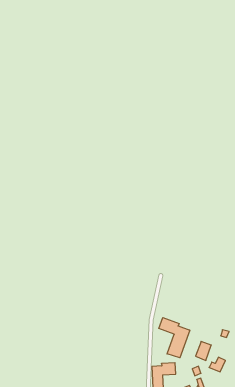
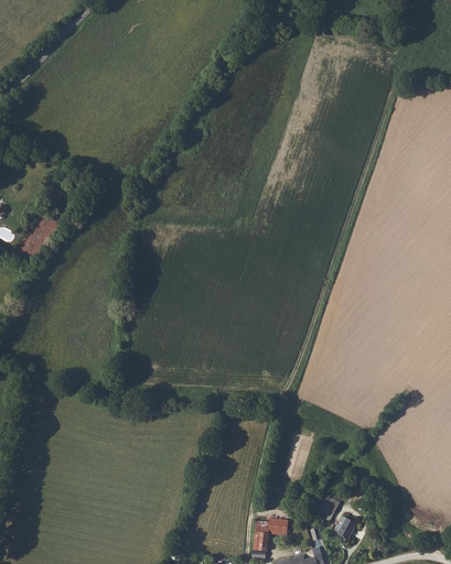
building: [159,318,190,358] -> none

